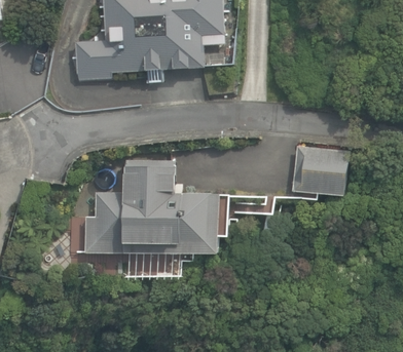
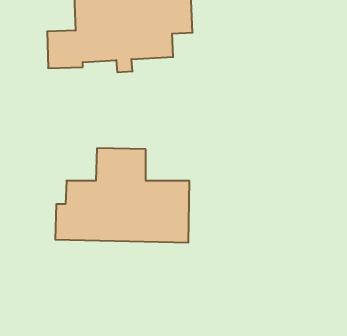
building: [292,146,350,197] -> none

